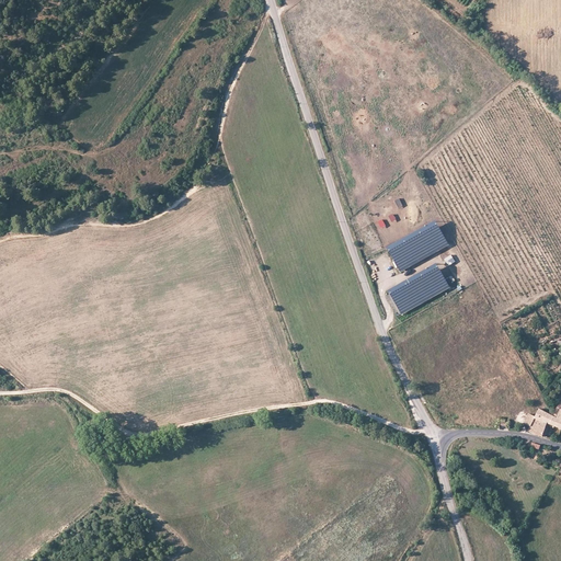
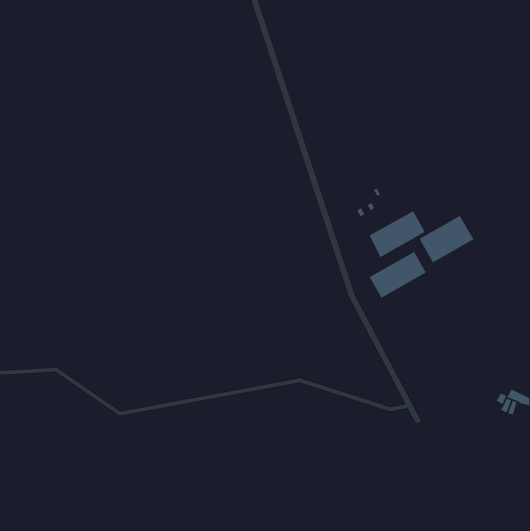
building: none -> [418,215,474,263]

